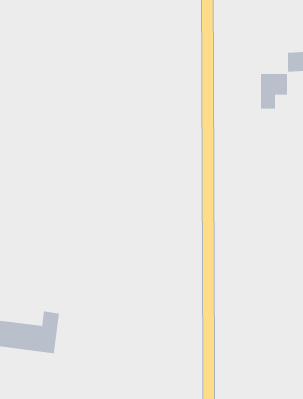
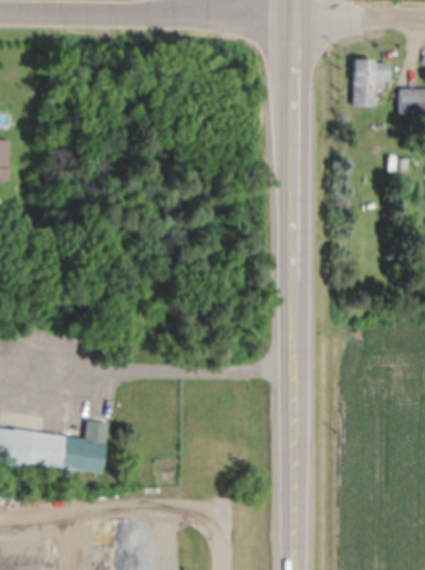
building: [260,73,288,109] -> [355,59,390,106]

